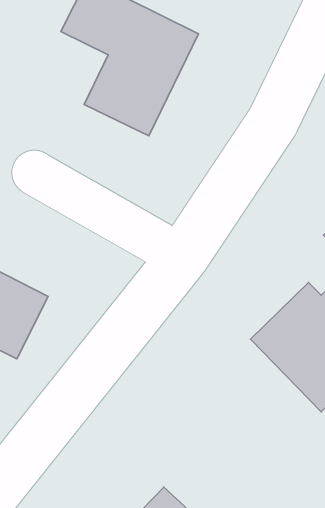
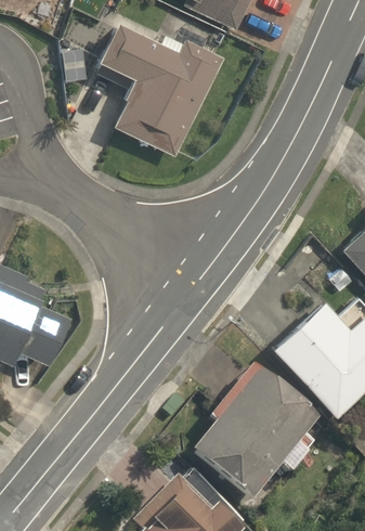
building: none -> [188,365,320,501]

